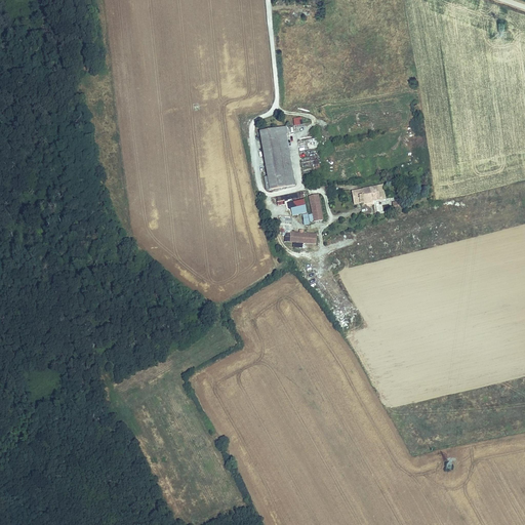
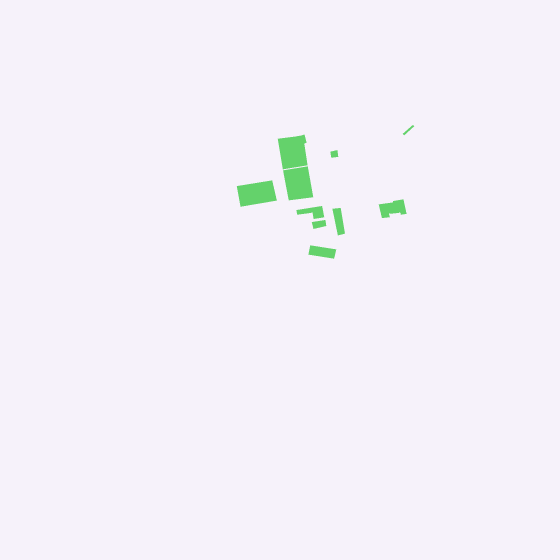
building: none -> [236,179,278,208]

